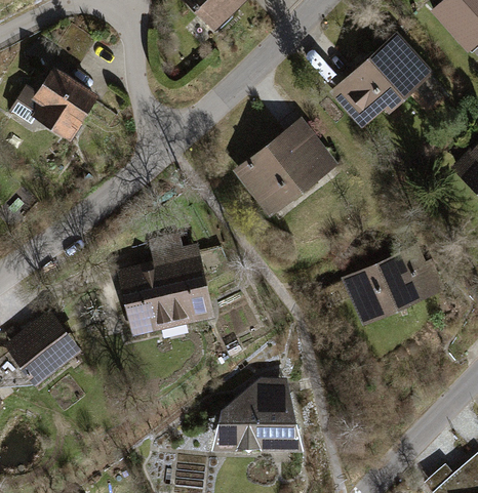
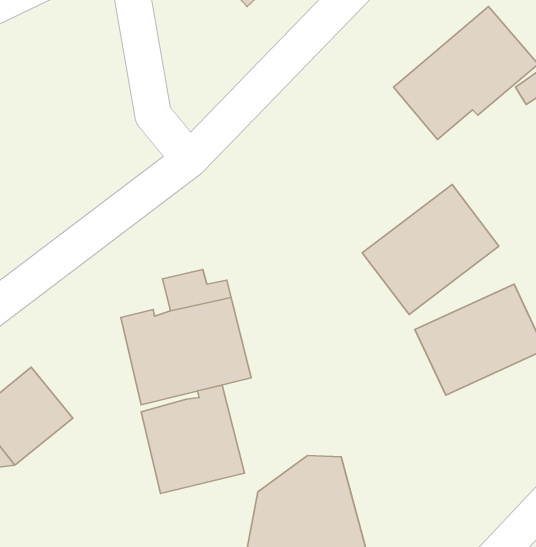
building: [35,68,110,136] -> none
building: [234,116,338,215] -> [362,184,499,314]
building: none -> [141,385,244,493]

